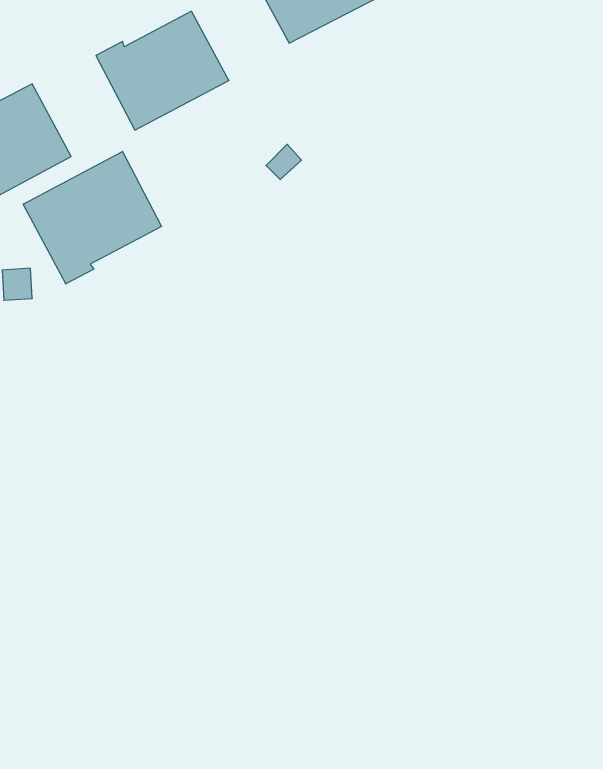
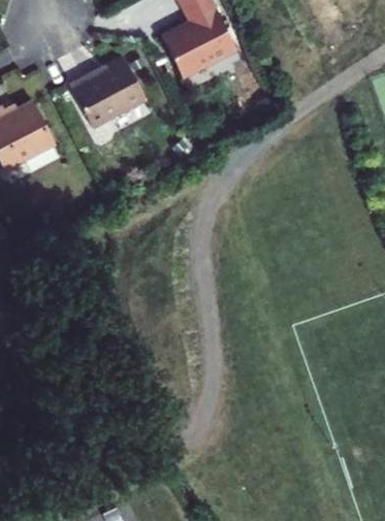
building: [23,151,161,284] -> none

